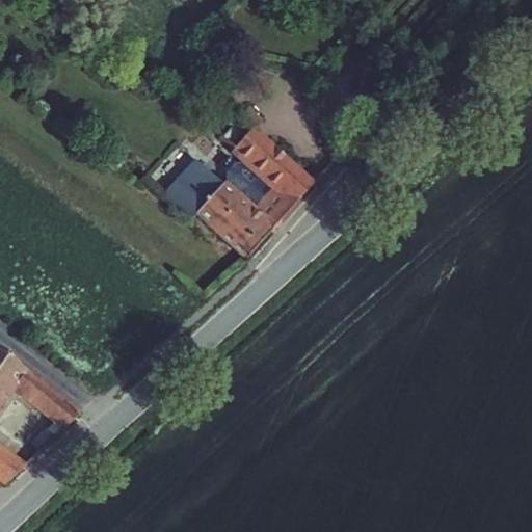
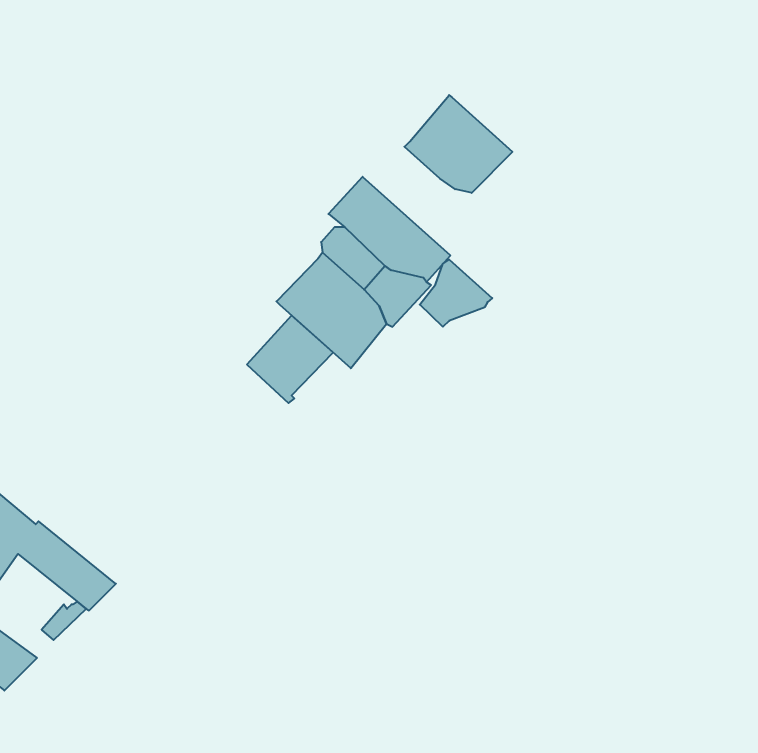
building: none -> [404,95,512,193]
building: [162,155,222,216] -> [247,315,333,403]
building: none -> [420,260,492,327]

